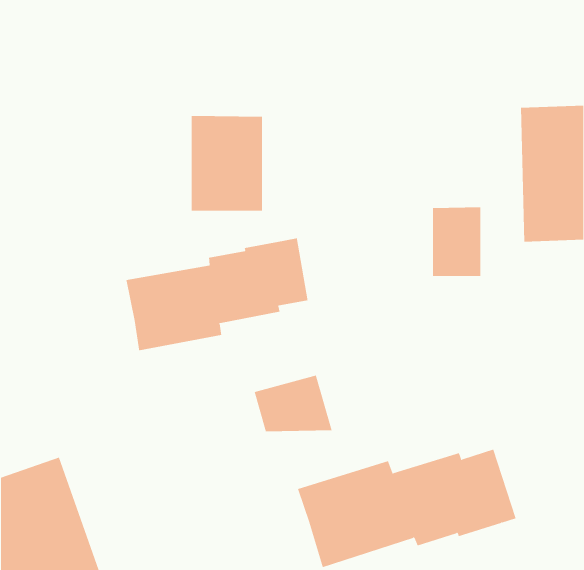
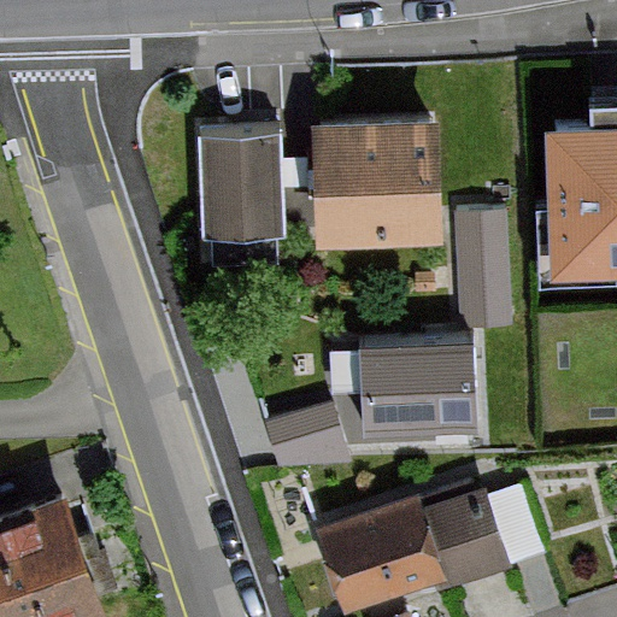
building: none -> [311,123,439,242]
building: [126,237,308,351] -> none
building: none -> [359,343,478,436]

